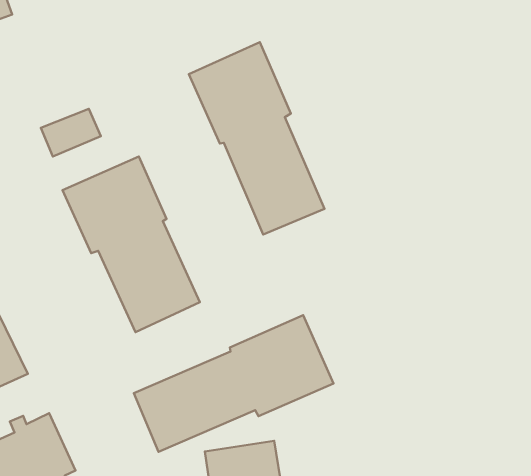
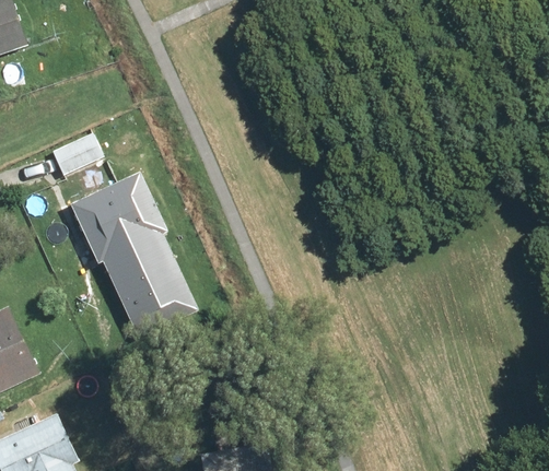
building: [189,42,324,234] -> none
building: [134,315,334,452] -> none

